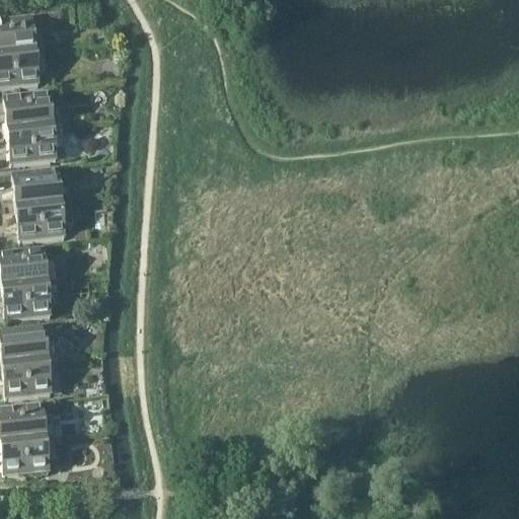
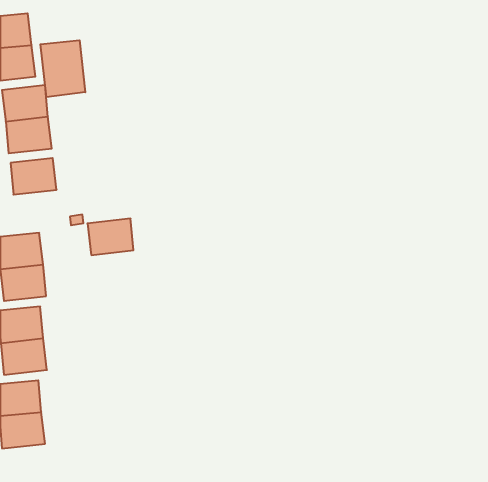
building: none -> [40,40,85,97]
building: [16,201,65,239] -> [87,219,133,255]

